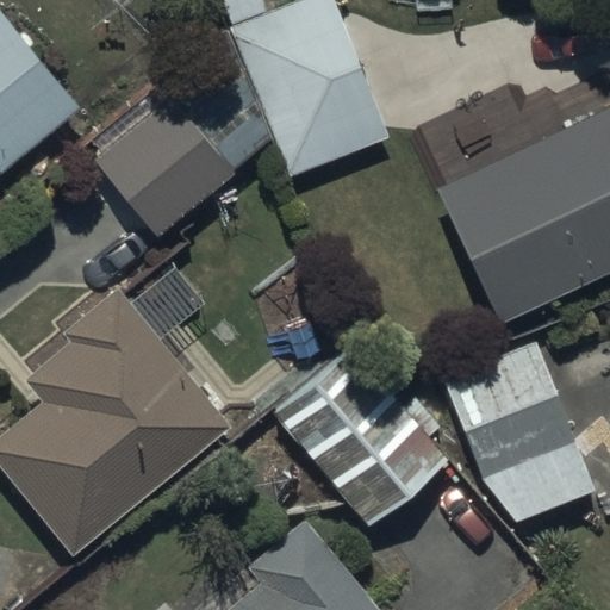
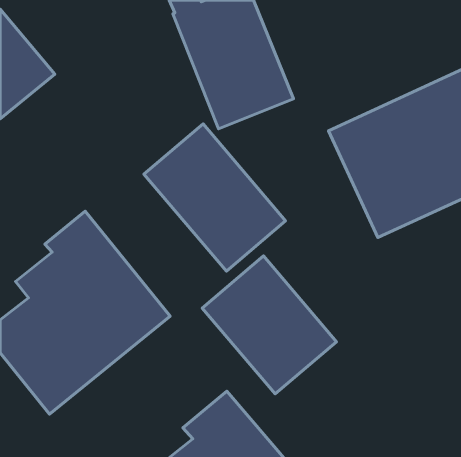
building: [97,69,248,222] -> none
building: none -> [144,124,286,271]
building: [444,346,597,522] -> none

